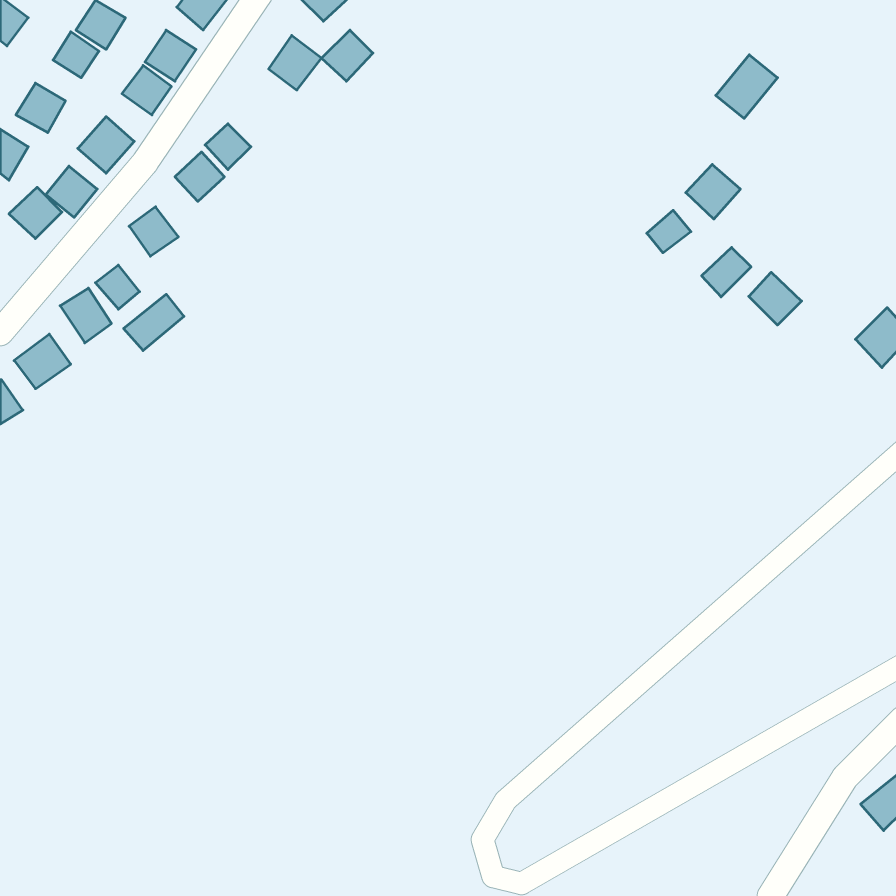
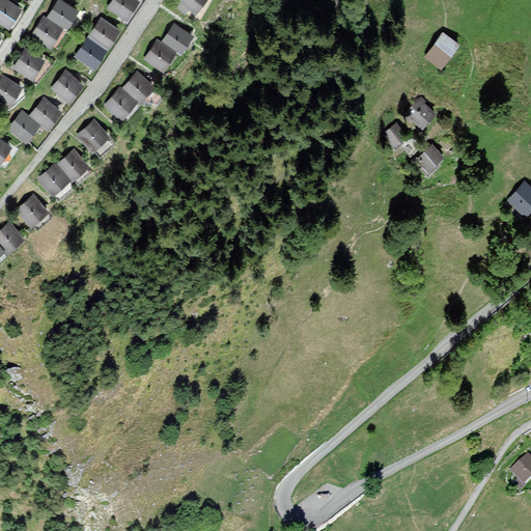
building: [322,30,373,81] -> [145,40,175,71]
building: [749,272,802,325] -> none
building: [124,294,184,351] -> none

